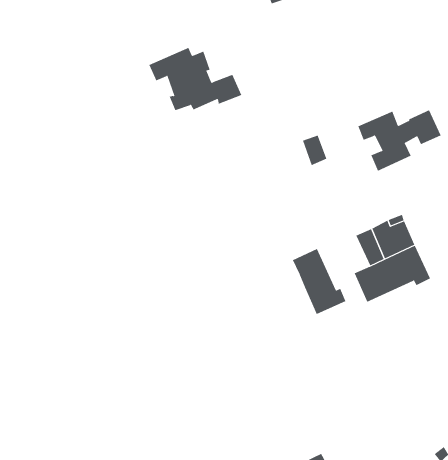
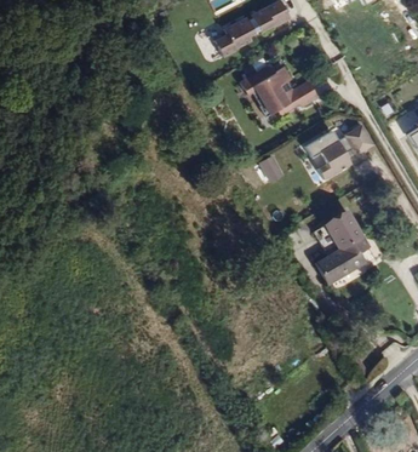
building: [149,47,242,111] -> [239,64,316,116]
building: [292,248,346,315] -> none

